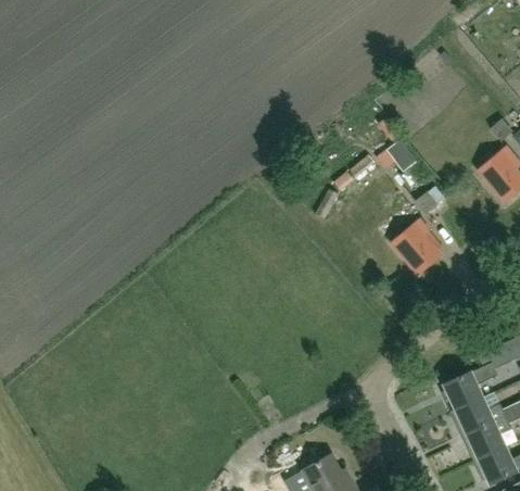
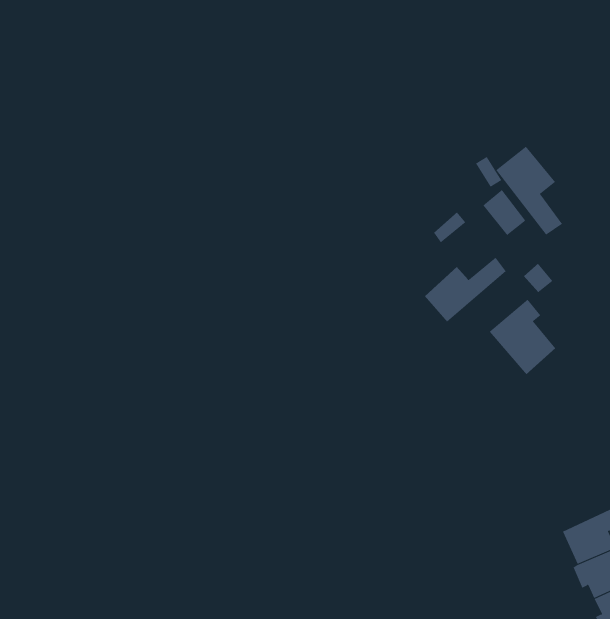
building: none -> [496,146,563,235]
building: none -> [424,257,506,322]

